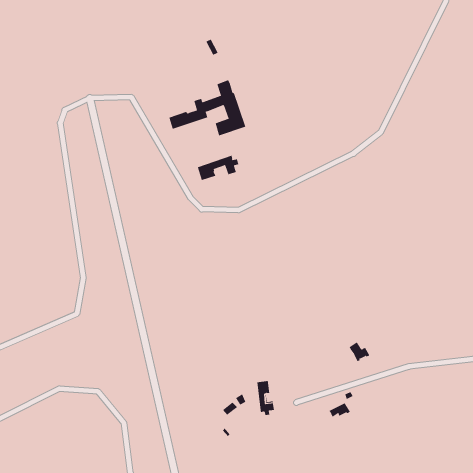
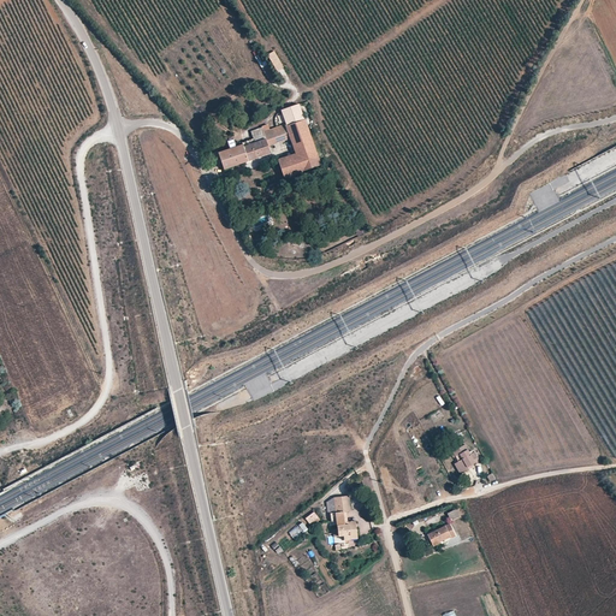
building: [197,155,239,181] -> none

